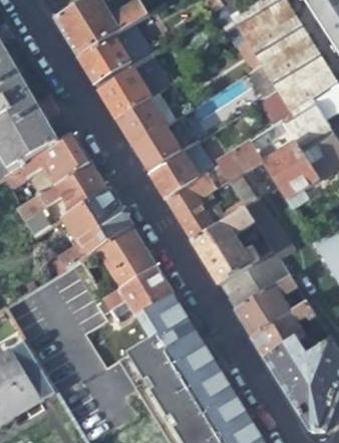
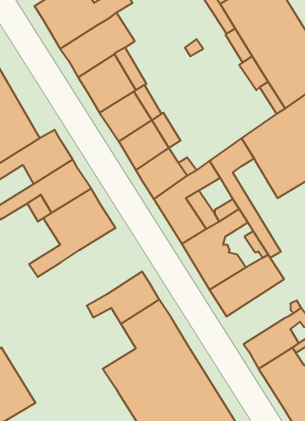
building: [97,227,156,289] -> none
building: [236,275,296,337] -> none

